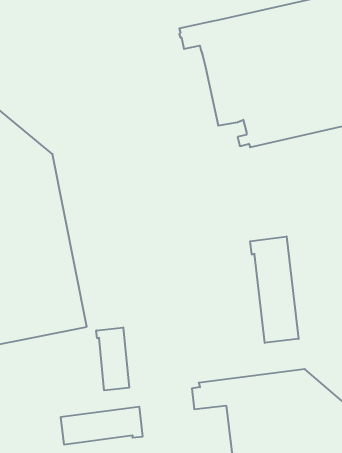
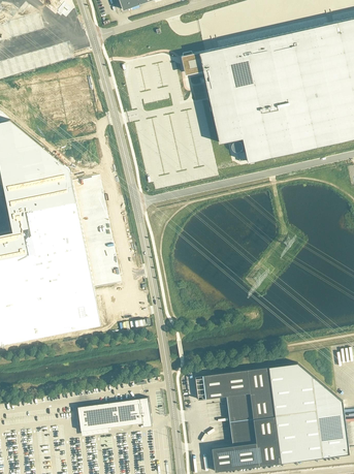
building: [250,236,299,343] -> none
building: [96,327,129,390] -> none

